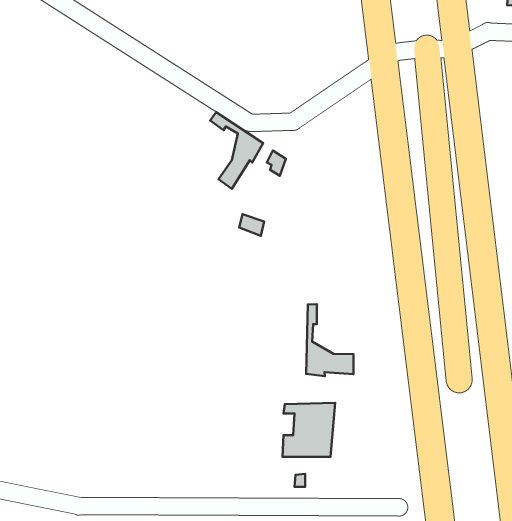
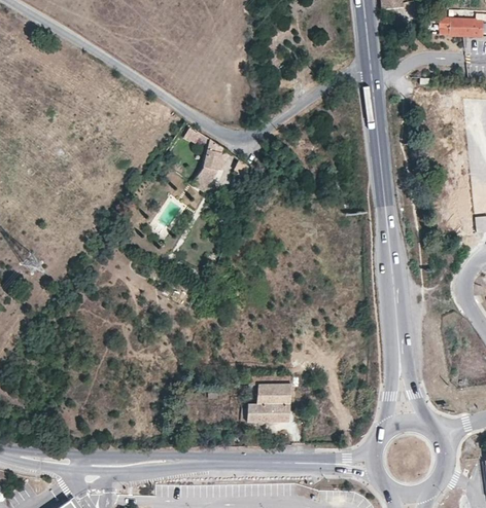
building: [306,304,354,376] -> none

